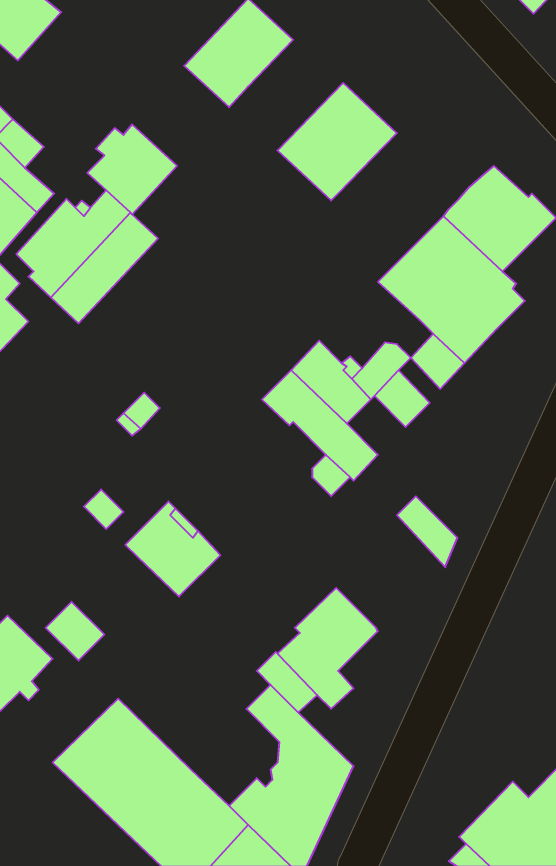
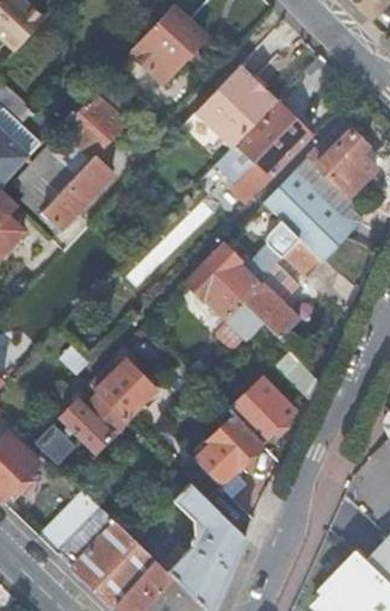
building: none -> [217,101,311,204]
building: none -> [242,283,299,340]
building: none -> [230,378,295,443]
building: none -> [60,394,126,452]

